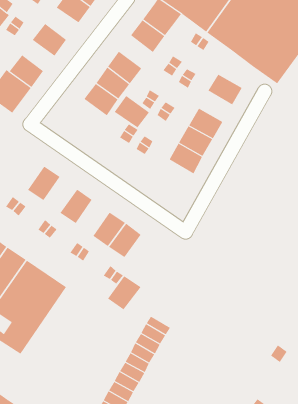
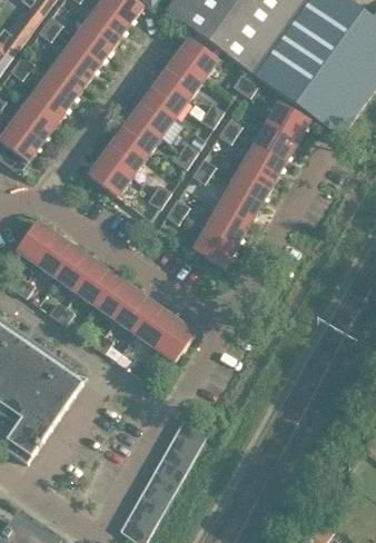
building: none -> [57,43,98,82]
building: none -> [146,77,188,117]
building: none -> [29,82,69,120]
building: none -> [266,95,308,140]
building: none -> [243,144,284,181]
building: [114,95,150,128] -> [89,154,132,194]
building: none -> [16,220,56,264]
building: none -> [195,227,237,266]
building: none -> [56,248,96,292]
building: none -> [95,276,135,319]
building: [107,275,141,310] -> [154,318,195,361]

